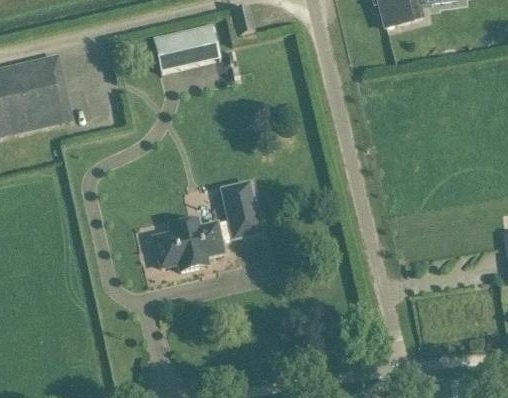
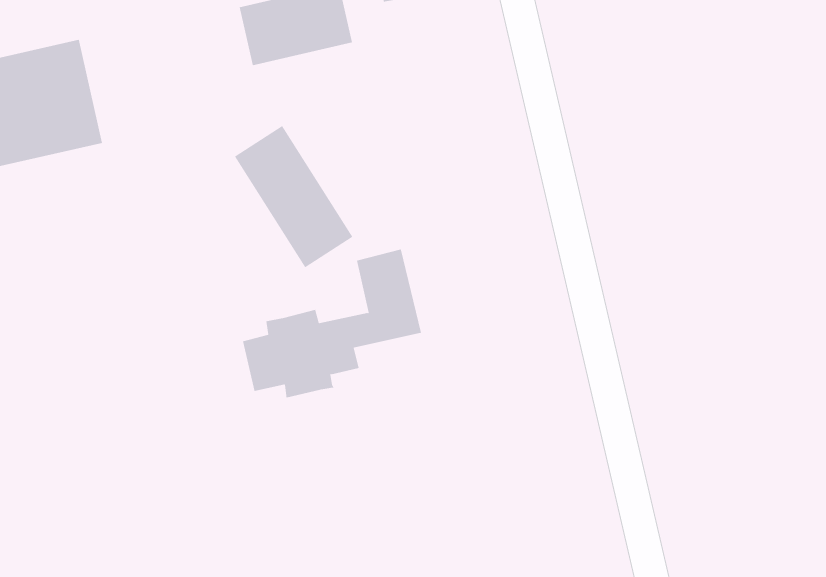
building: none -> [234,125,353,268]

